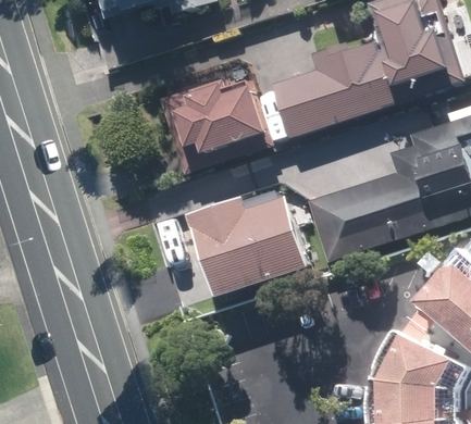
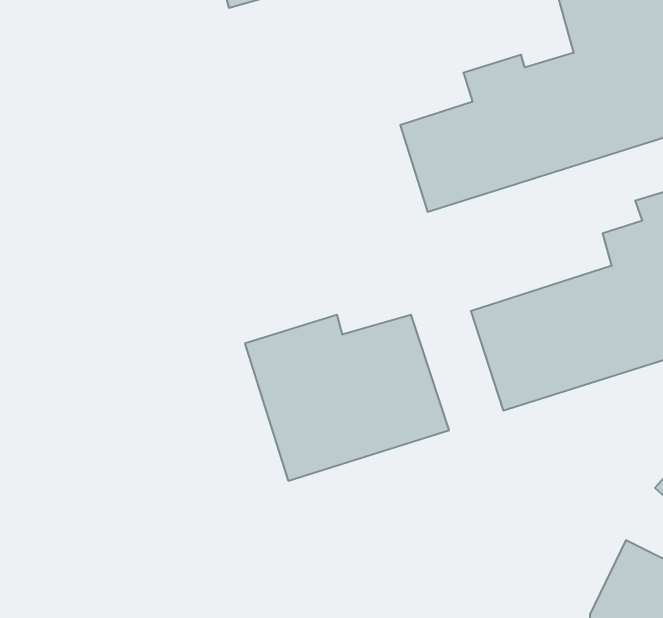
building: [153,79,267,174] -> none

